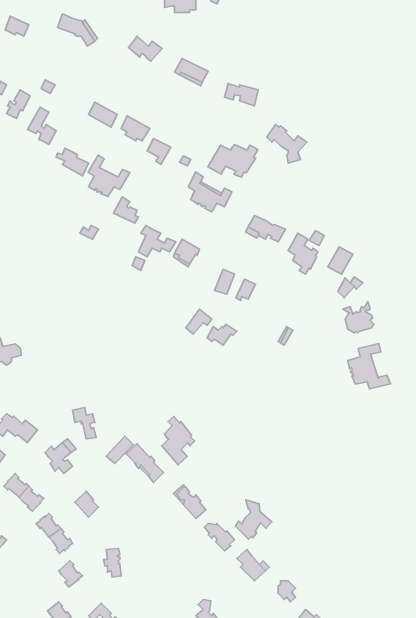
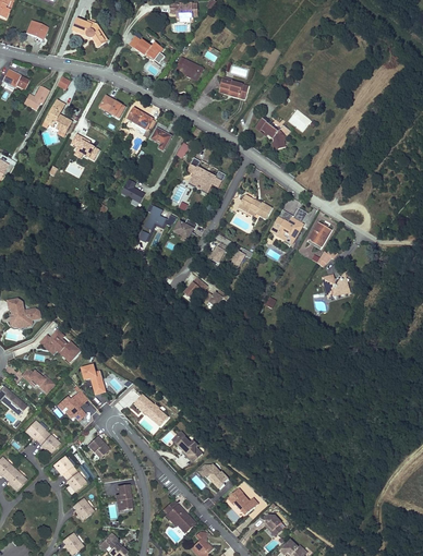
building: [208,144,258,177] -> none
building: [88,155,130,196] -> none
building: [348,343,390,389] -> none
building: none -> [40,328,80,360]
building: [162,416,194,465] -> none
building: [236,500,272,539] -> none
building: none -> [164,500,195,531]

